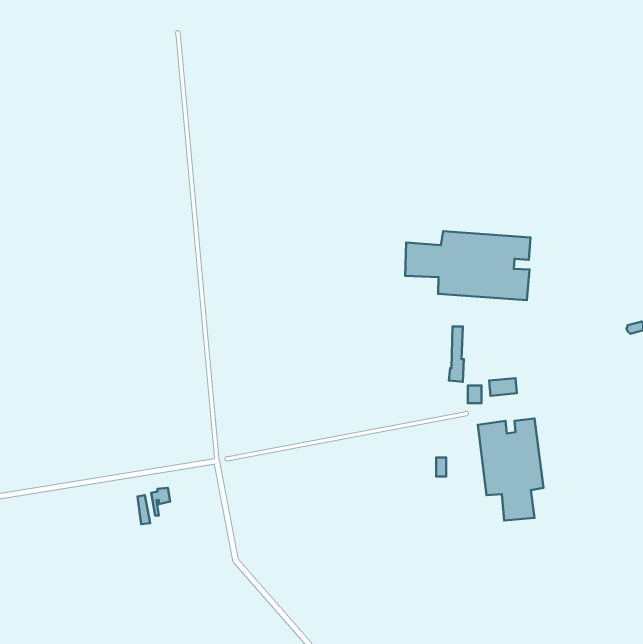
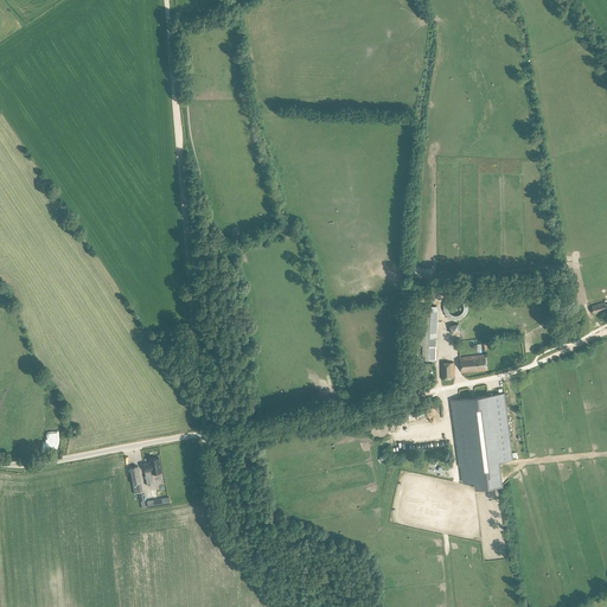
building: [405,231,530,300] -> none

